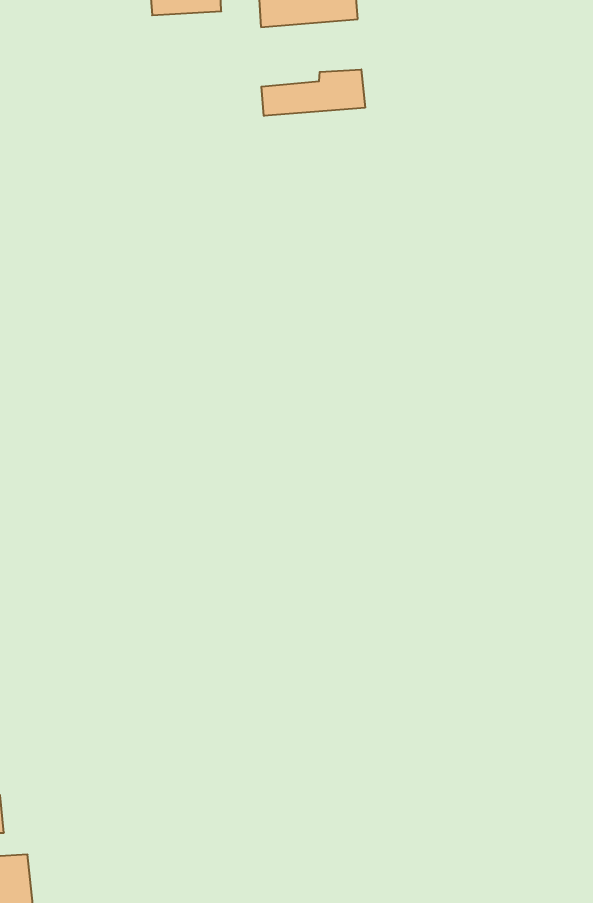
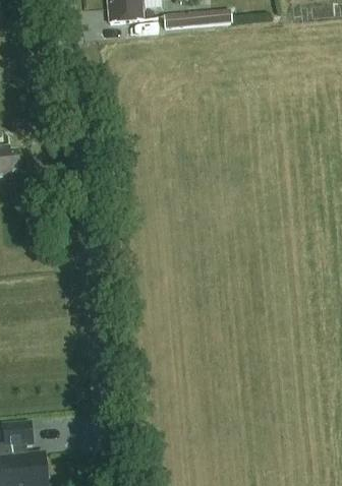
building: [261,69,365,116] -> none

